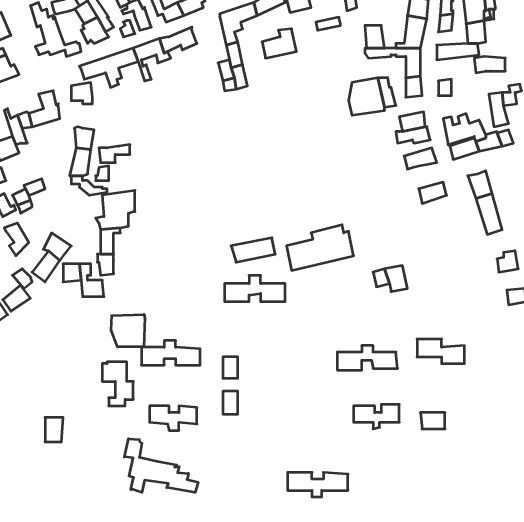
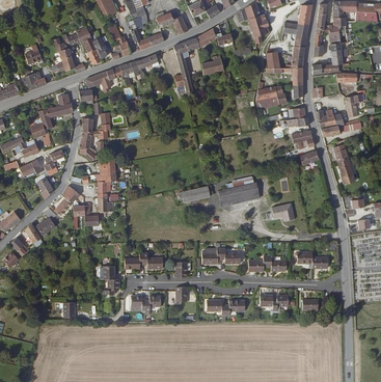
building: [225,275,285,302] -> [202,247,241,264]
building: [111,314,145,347] -> none
building: [124,439,198,492] -> none
building: [288,472,348,497] -> [206,298,244,313]

